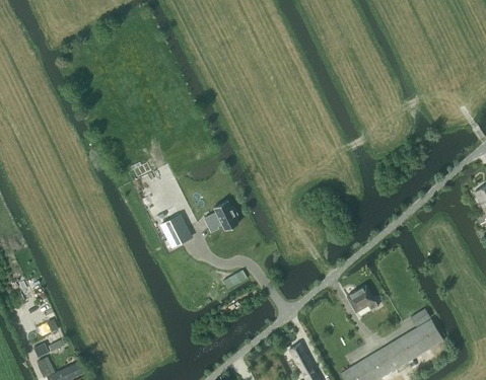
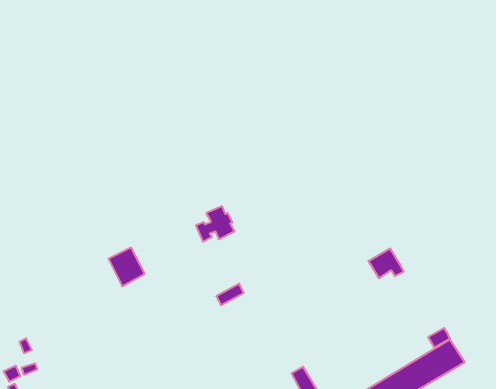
building: [160,214,193,248] -> [108,248,145,286]
building: [348,286,379,312] -> [368,249,404,278]

